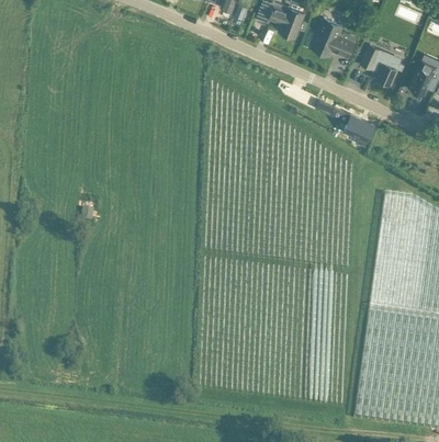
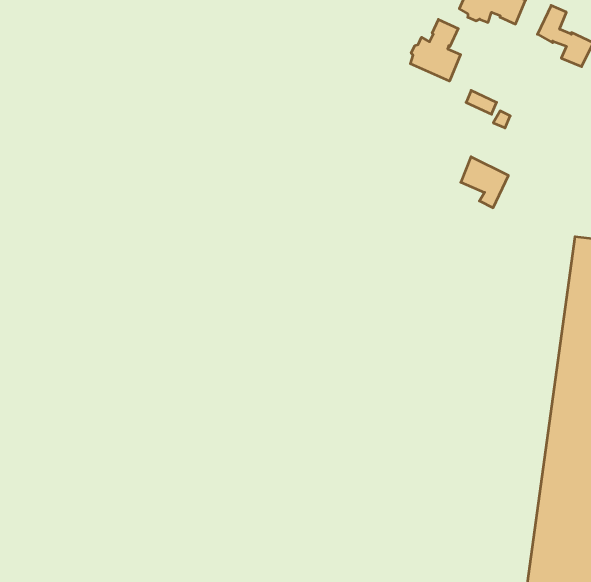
building: none -> [410,19,461,81]
building: [346,115,376,148] -> [461,157,508,208]

